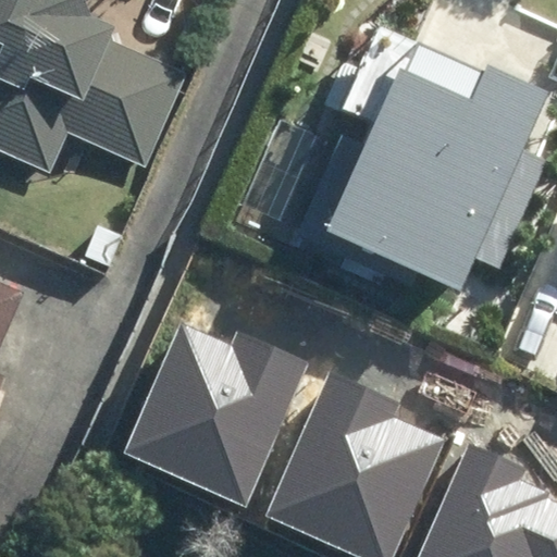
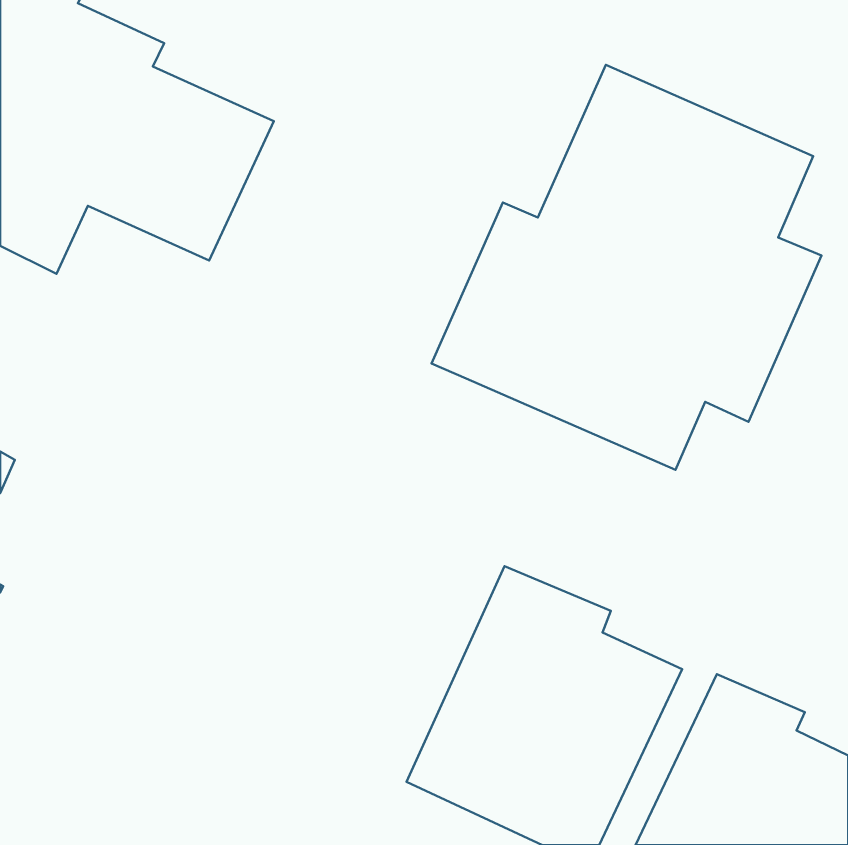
building: [125,320,310,507] -> none

